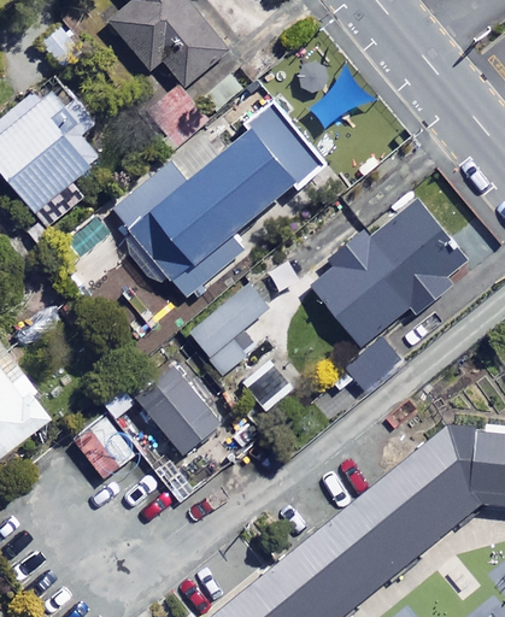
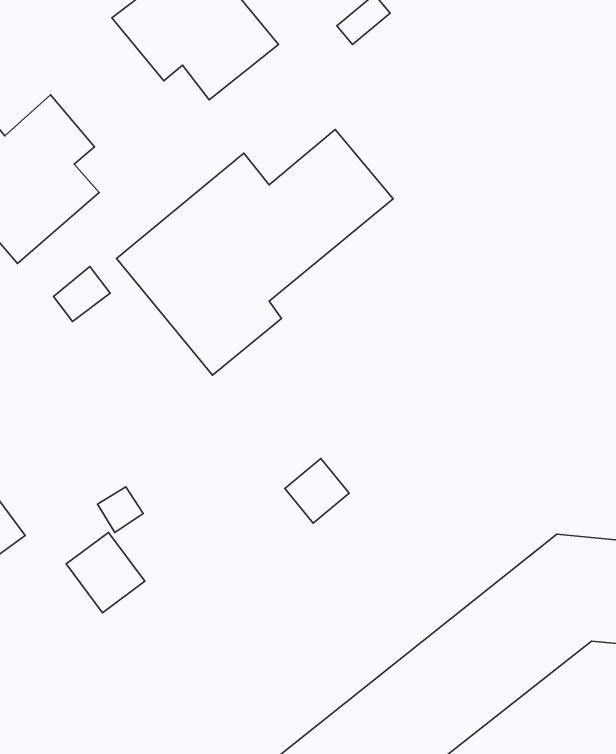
building: [309,202,471,348] -> none
building: [188,281,270,375] -> none
building: [140,371,225,457] -> none

